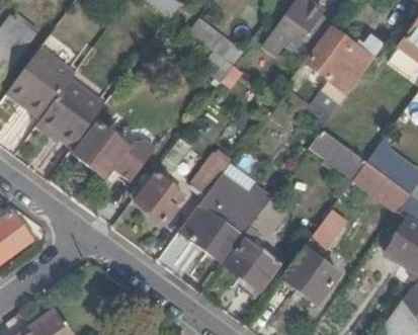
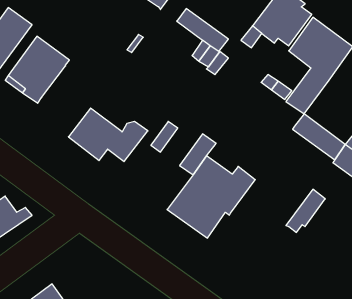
building: [38,78,105,148] -> none
building: [136,173,187,224] -> none
building: [227,197,287,290] -> none
building: [283,249,340,305] -> none

